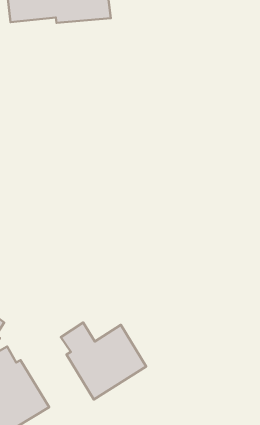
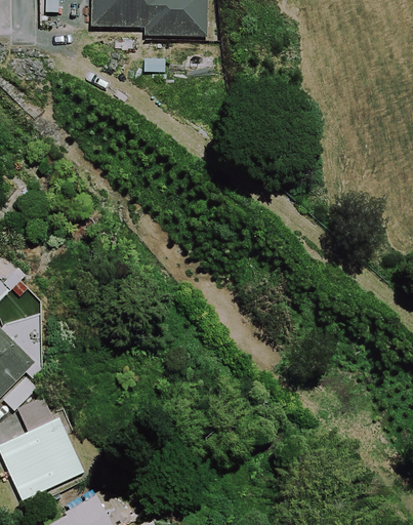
building: [61,322,146,399] -> none

